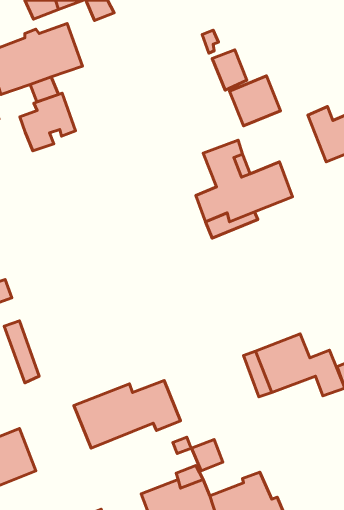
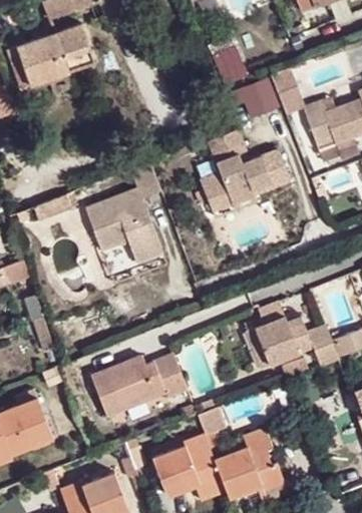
building: none -> [269,63,303,112]
building: [20,93,75,151] -> none
building: none -> [84,164,164,267]

